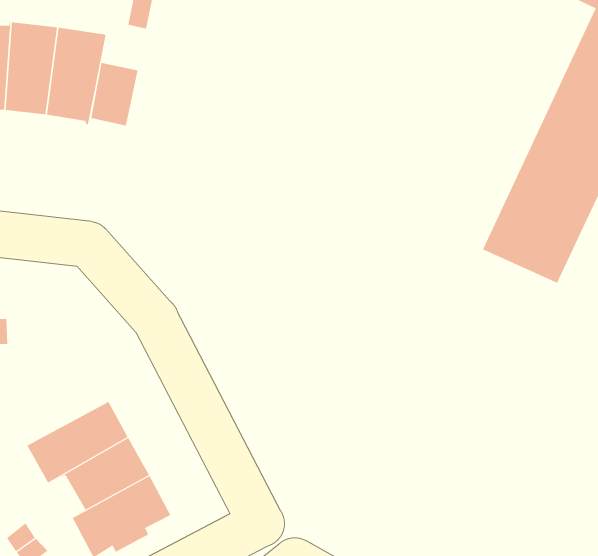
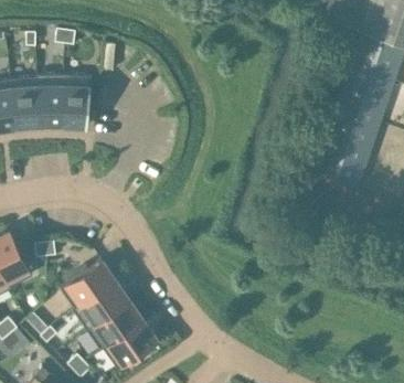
building: [88,62,138,141] -> none
building: none -> [60,263,115,312]

